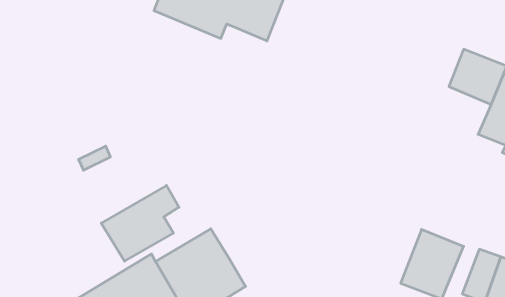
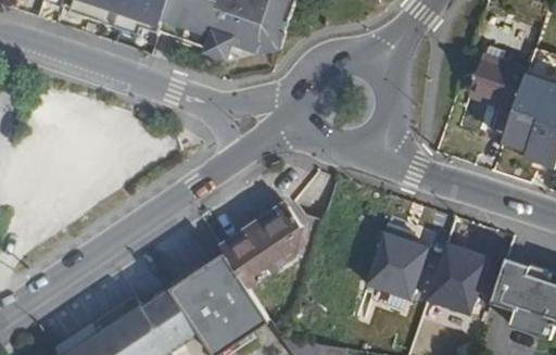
building: [101,185,179,261] -> [226,204,305,284]
building: none -> [368,223,429,297]

